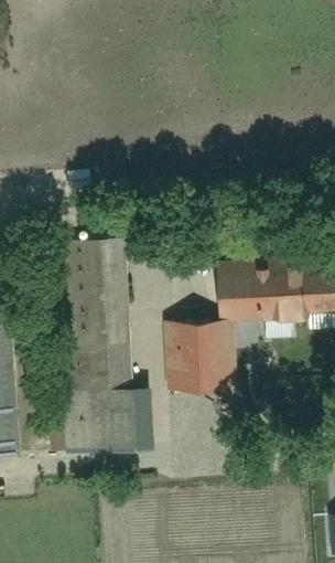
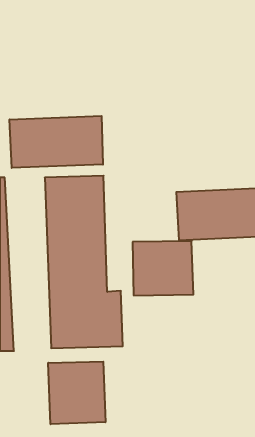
building: none -> [10,116,103,168]
building: none -> [48,362,105,424]

